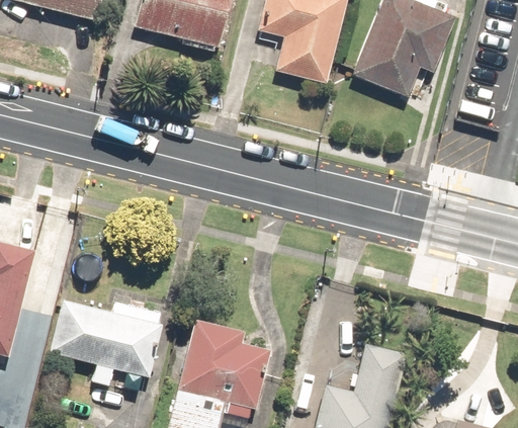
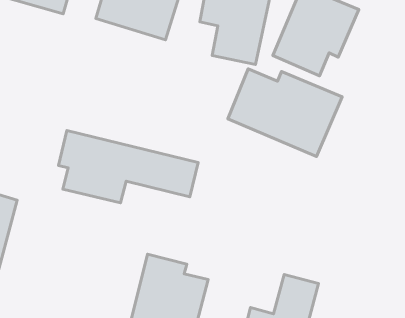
building: none -> [228,69,342,157]
building: none -> [58,130,198,203]
building: [51,301,166,387] -> none

